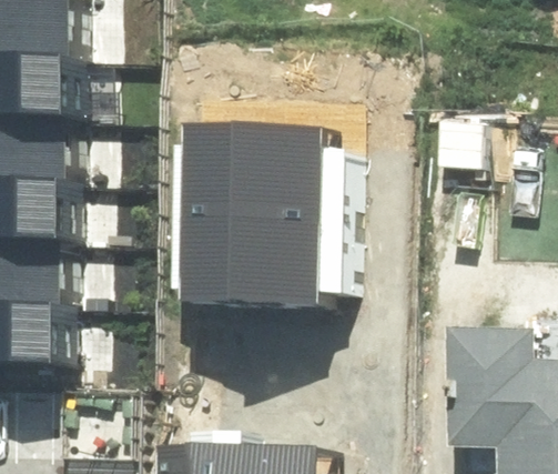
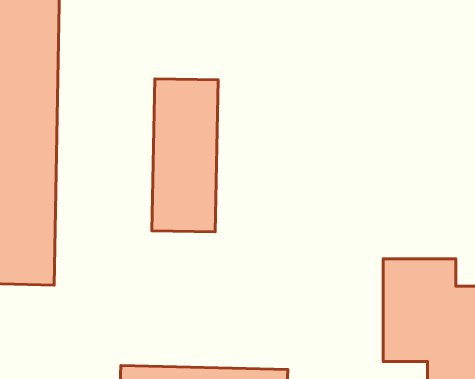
building: [262,133,336,302] -> none

